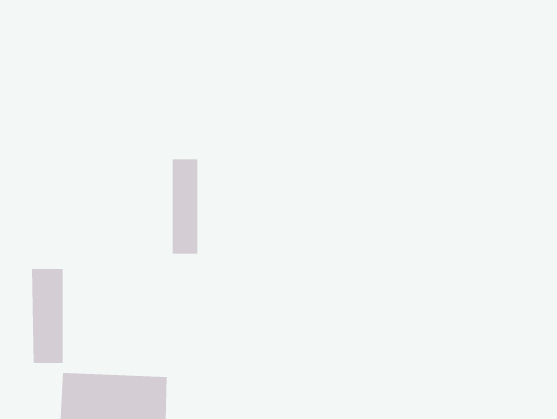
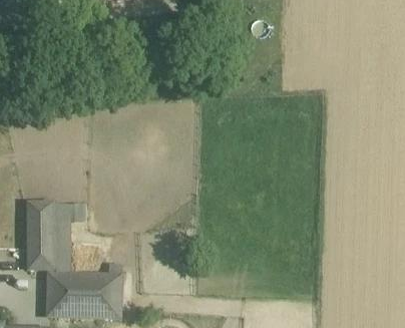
building: [172,159,198,254] -> [51,201,69,266]

